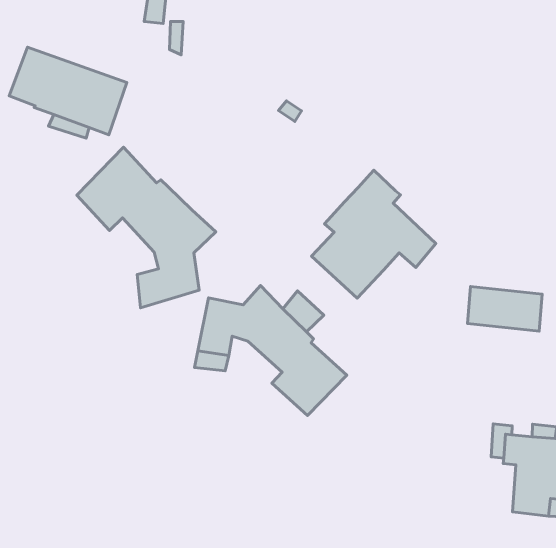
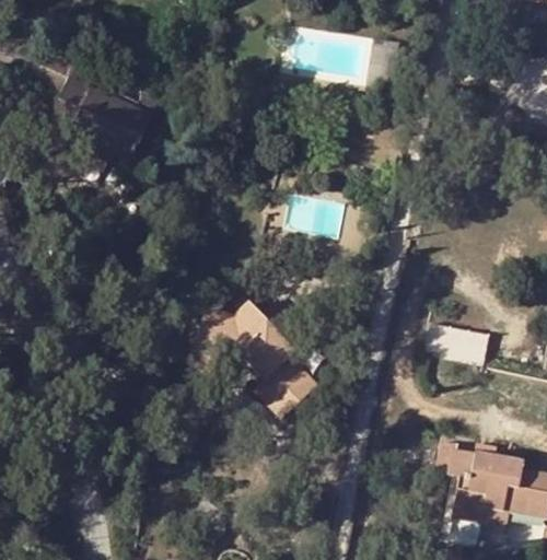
building: [77,147,216,308] -> none
building: [311,170,436,298] -> none

